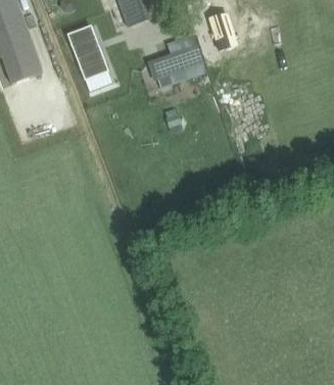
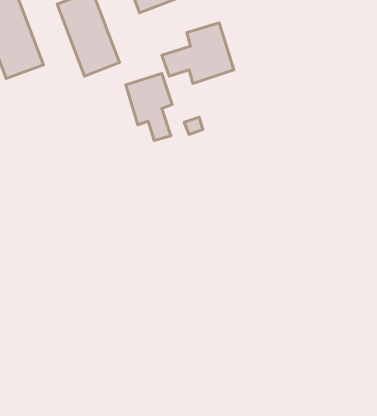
building: none -> [126,73,172,140]

